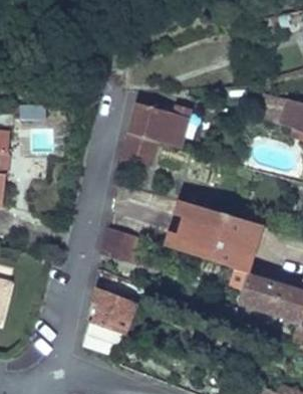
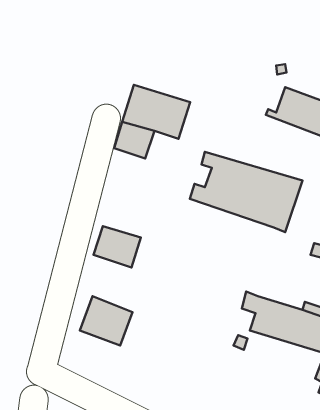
building: [165,206,263,276] -> [190,152,302,232]

